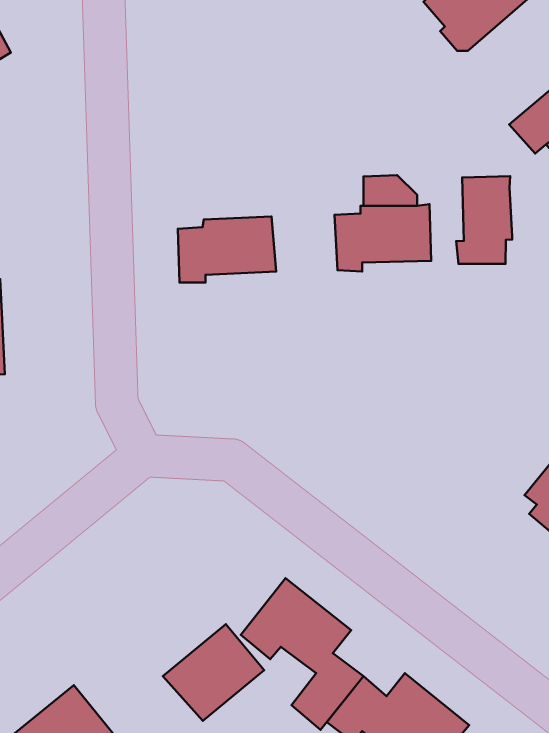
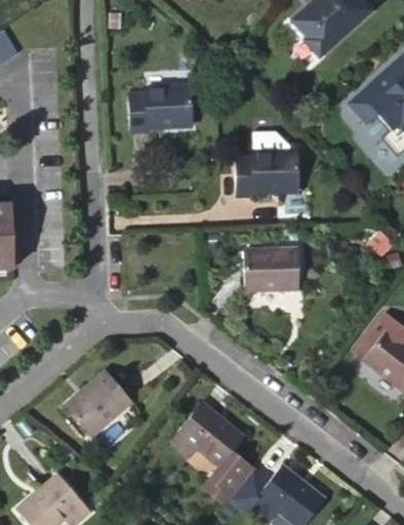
building: [456,176,512,264] -> none
building: [178,216,276,282] -> [127,87,193,131]
building: none -> [243,249,298,291]
building: [163,624,264,721] -> [65,372,132,437]

